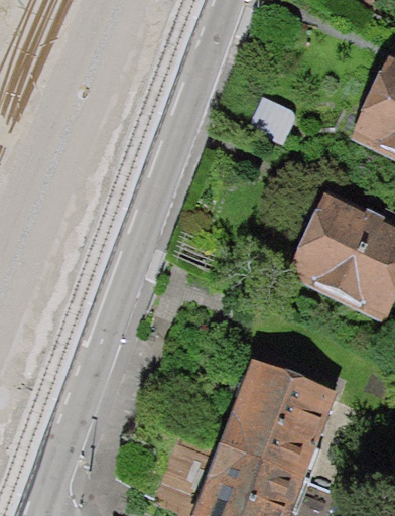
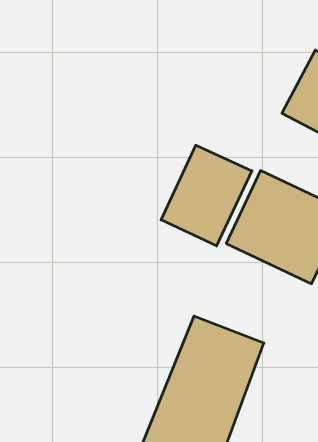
building: none -> [161,145,252,246]

